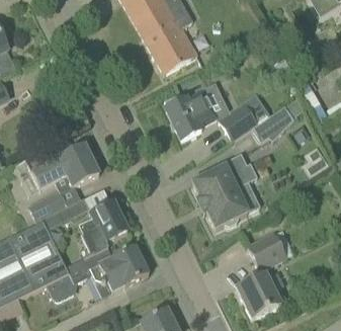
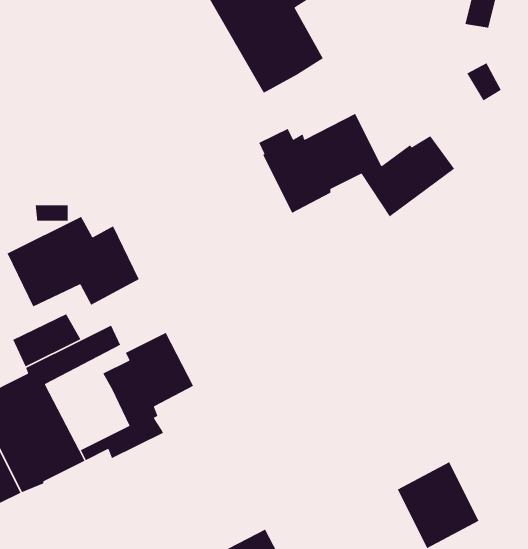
building: [250,104,292,142] -> none
building: [191,152,257,228] -> none
building: [248,233,286,270] -> none
building: [47,241,149,300] -> none

